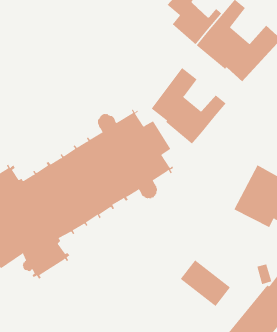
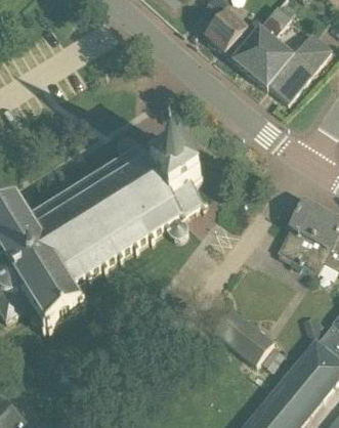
building: [151,67,226,145] -> none

